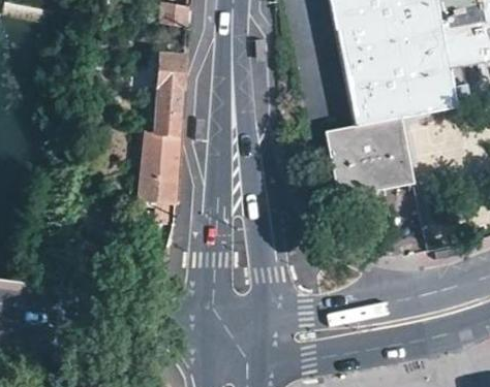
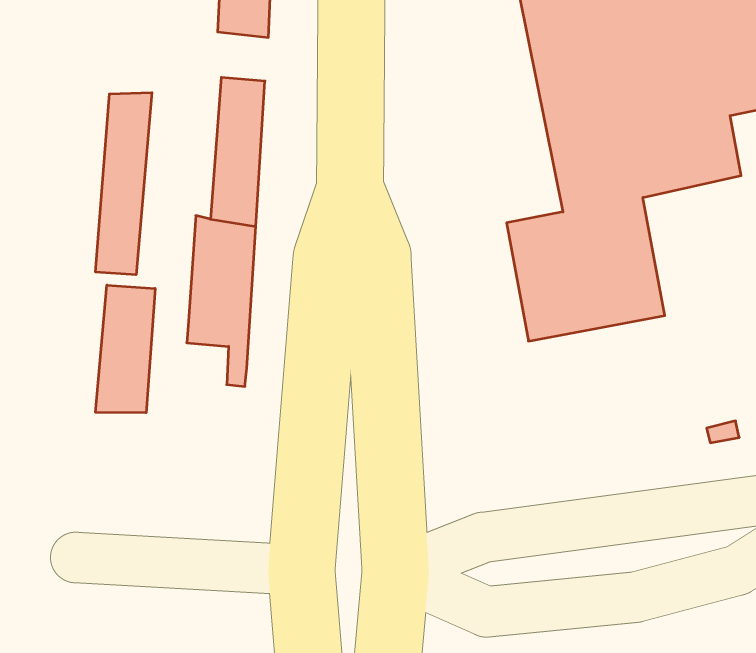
building: none -> [96,93,152,275]
building: none -> [96,285,155,413]

